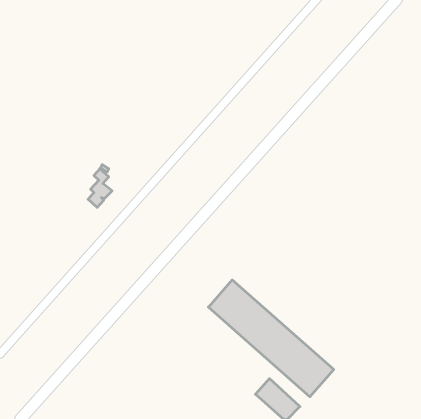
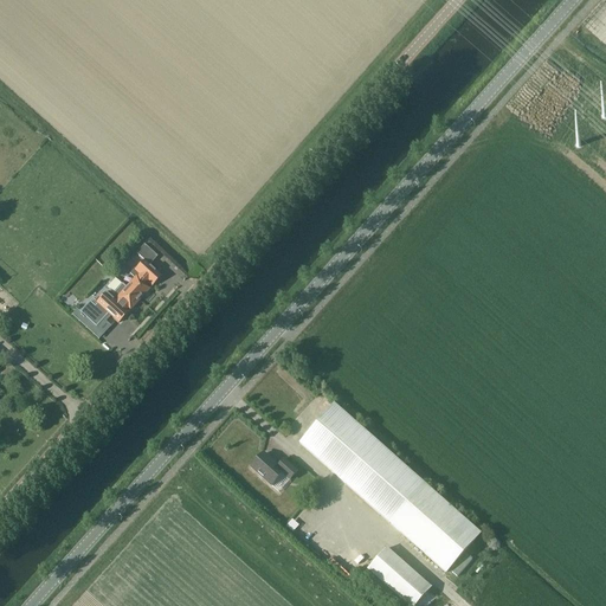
building: none -> [79,282,140,325]
building: none -> [251,451,297,484]

